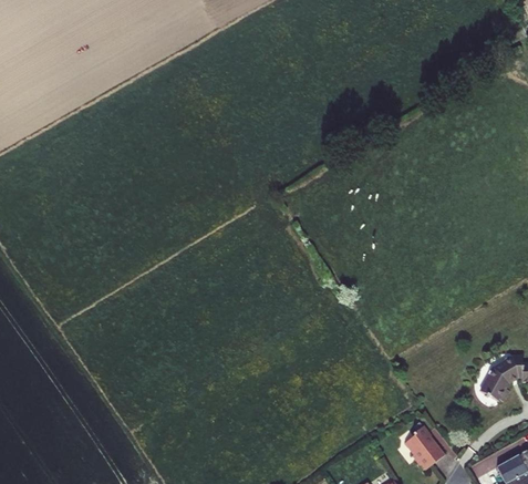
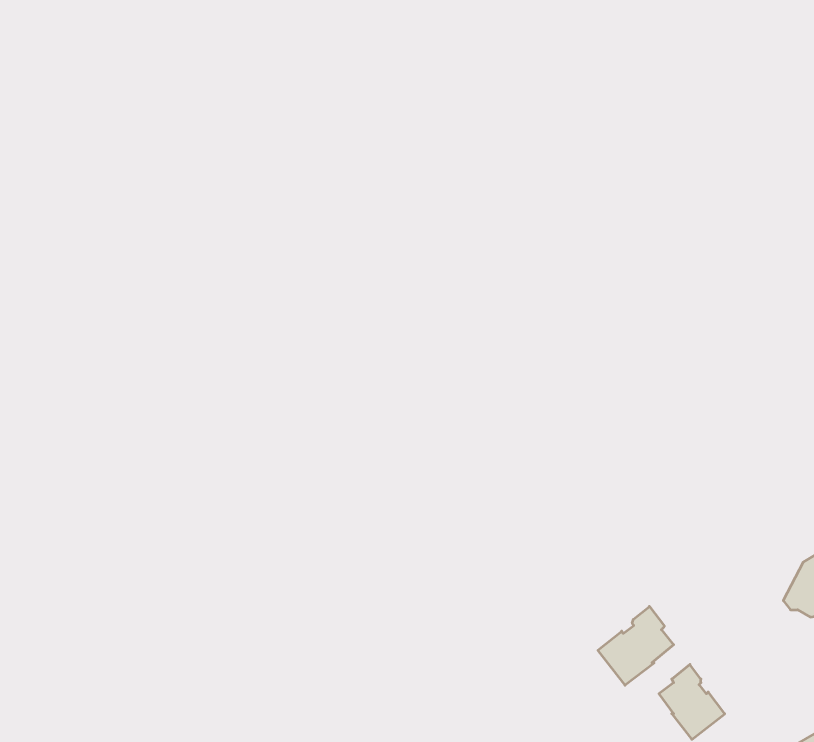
building: none -> [598,606,674,685]

